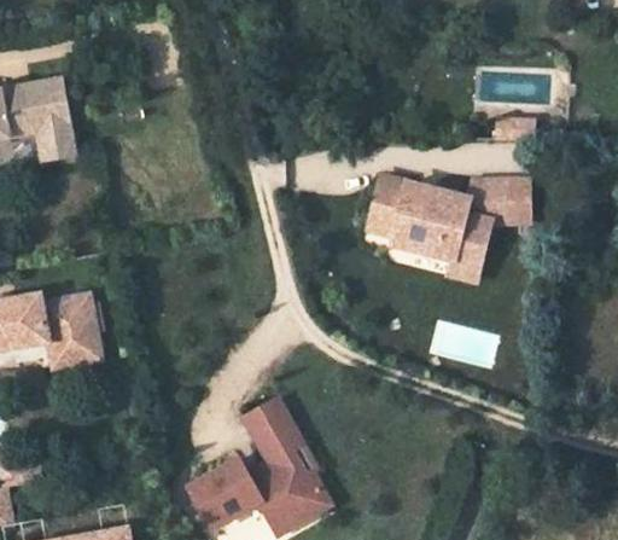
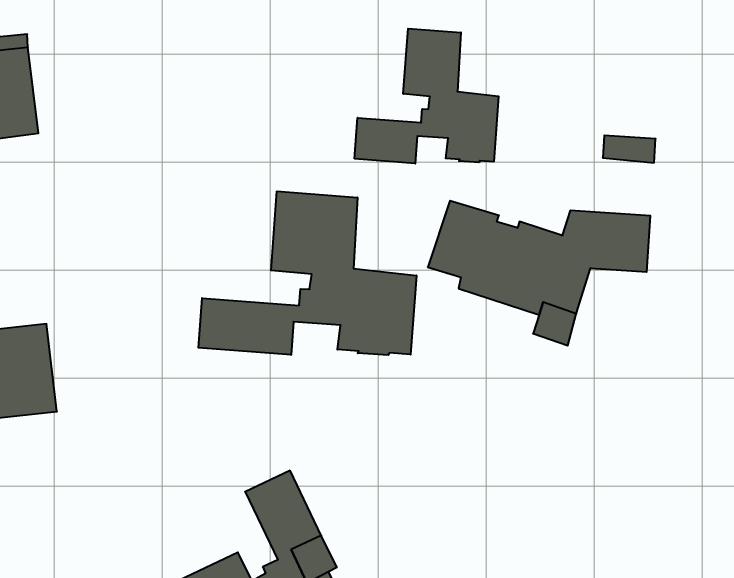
building: none -> [355,29,499,164]
building: none -> [198,191,416,355]

